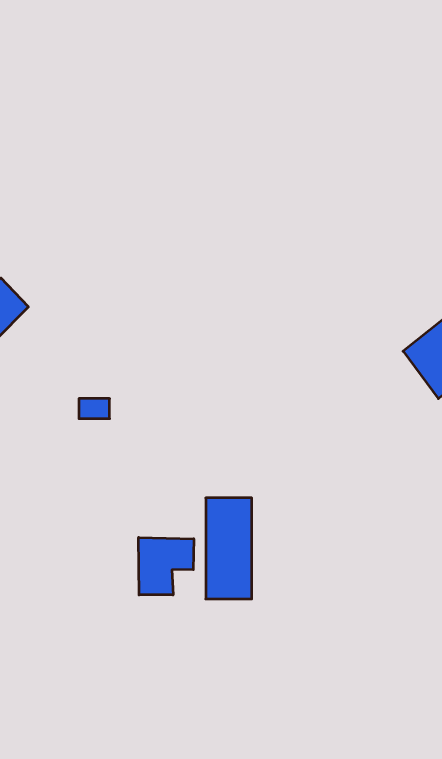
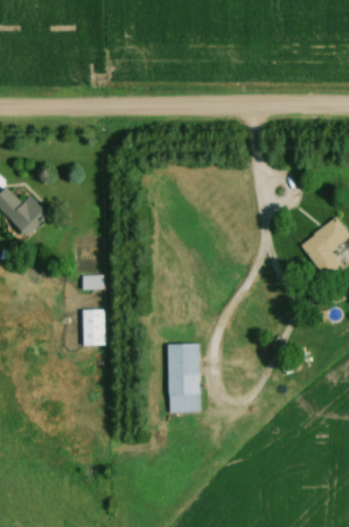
building: none -> [82,309,105,345]
building: [139,537,194,595] -> none

